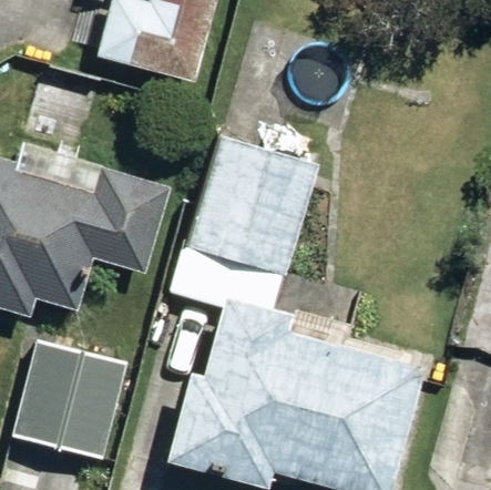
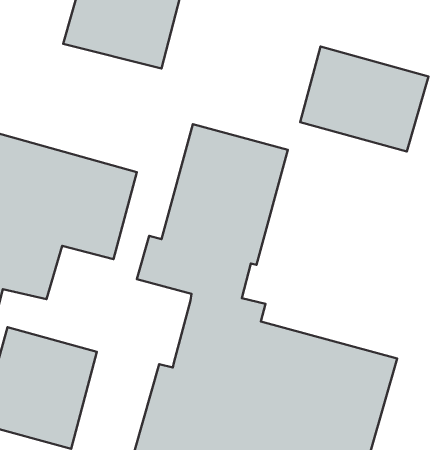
building: none -> [300,47,428,151]

